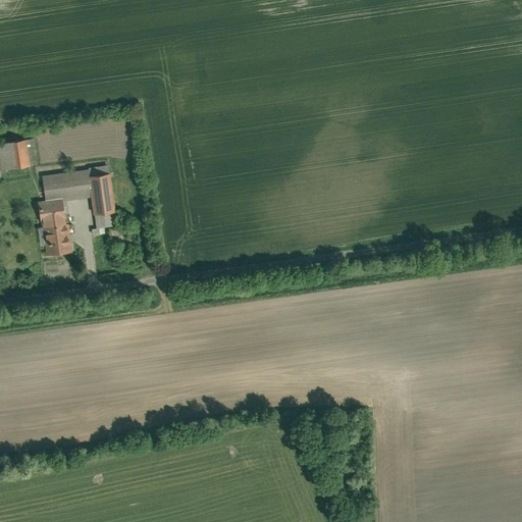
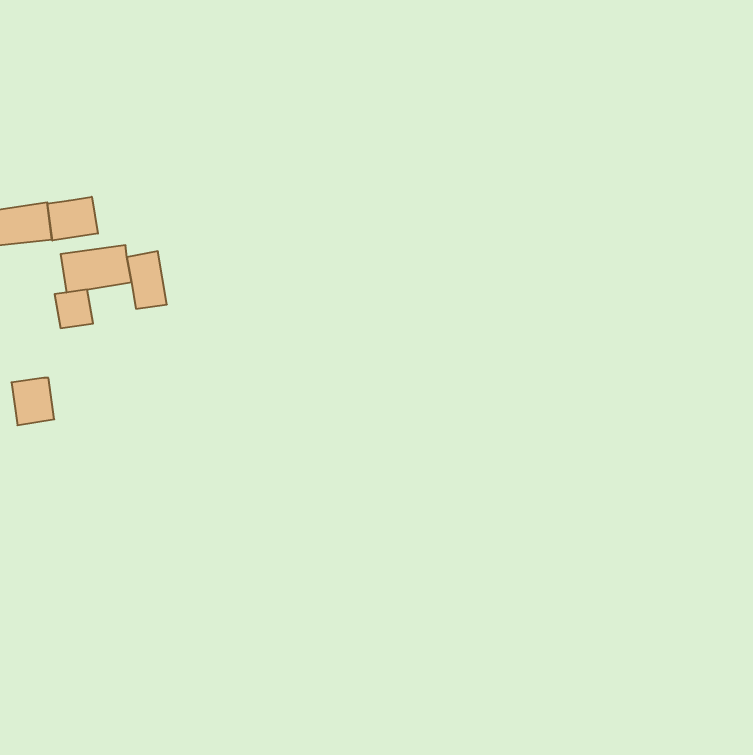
building: none -> [47,197,98,241]
building: [42,223,71,256] -> [11,378,54,425]

